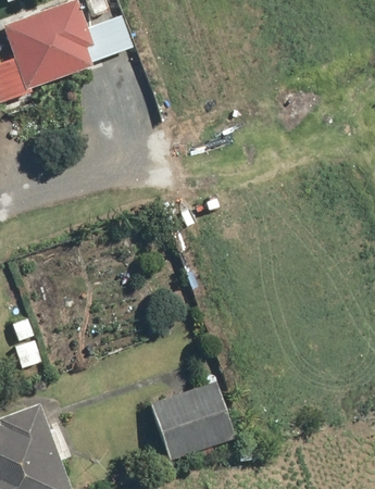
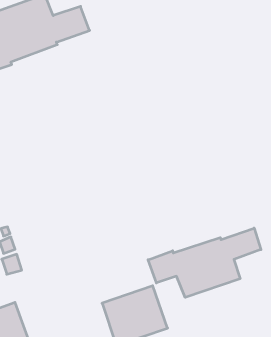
building: none -> [148,228,261,297]

